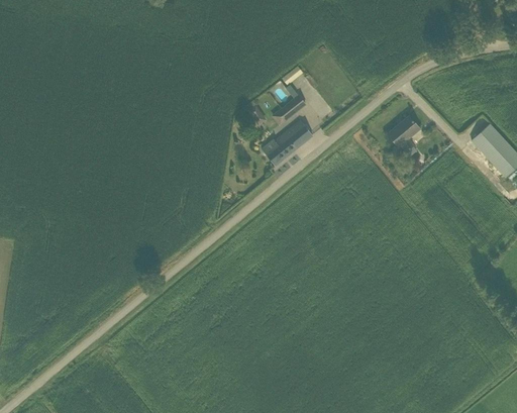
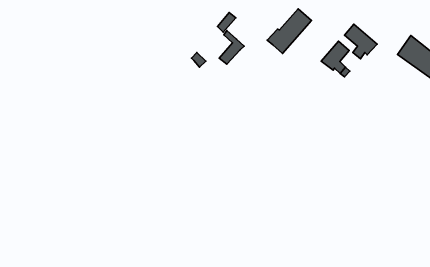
building: none -> [345,24,377,59]
building: [261,119,312,165] -> [267,9,311,54]

